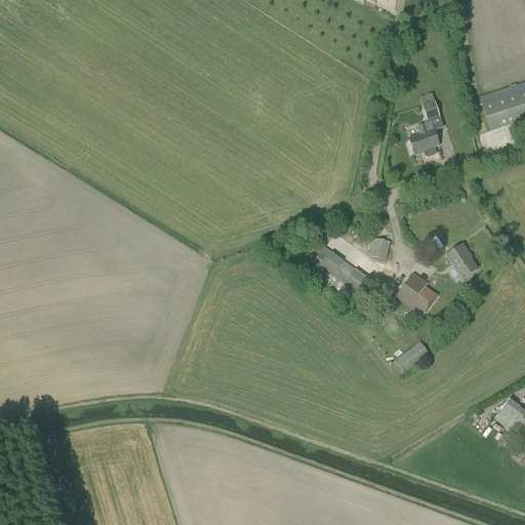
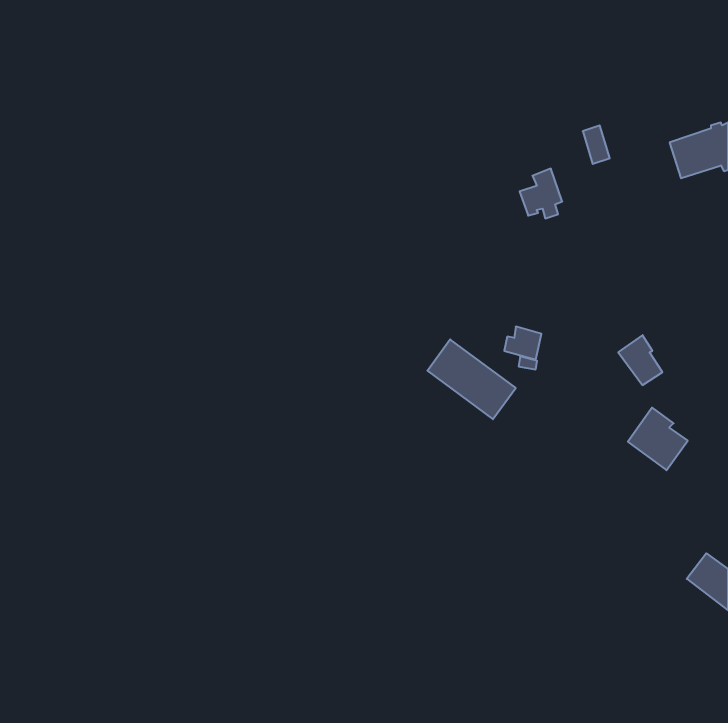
building: [408,119,439,155] -> [520,169,562,218]
building: [395,270,438,315] -> [628,408,688,470]
building: [394,339,429,370] -> none

